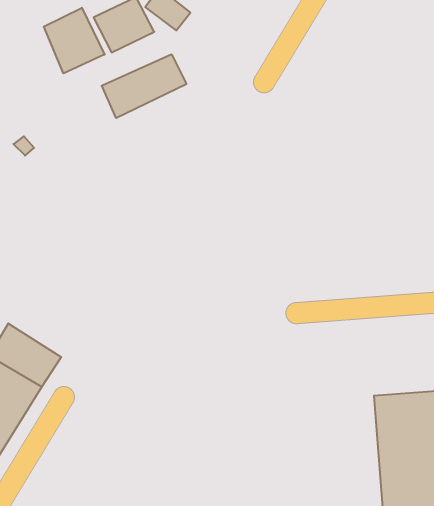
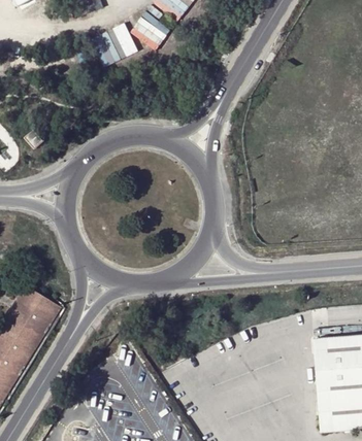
building: [44,8,105,73] -> none
building: [102,54,186,118] -> none

